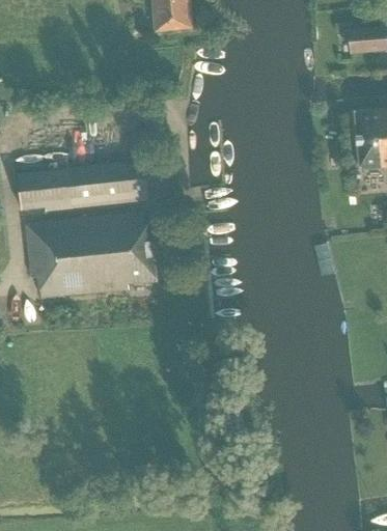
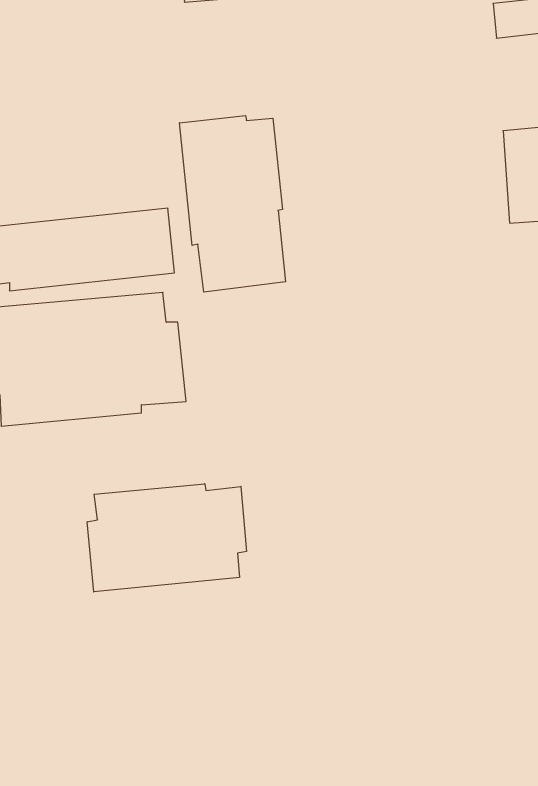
building: none -> [180,116,286,292]
building: none -> [87,484,246,592]

